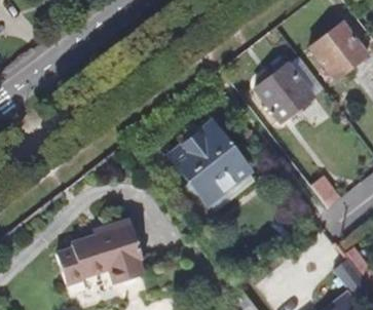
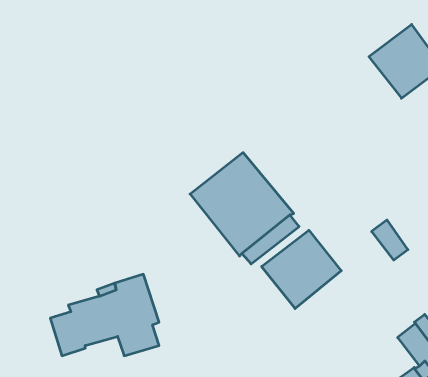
building: [255,63,313,122] -> none
building: none -> [262,230,341,309]

